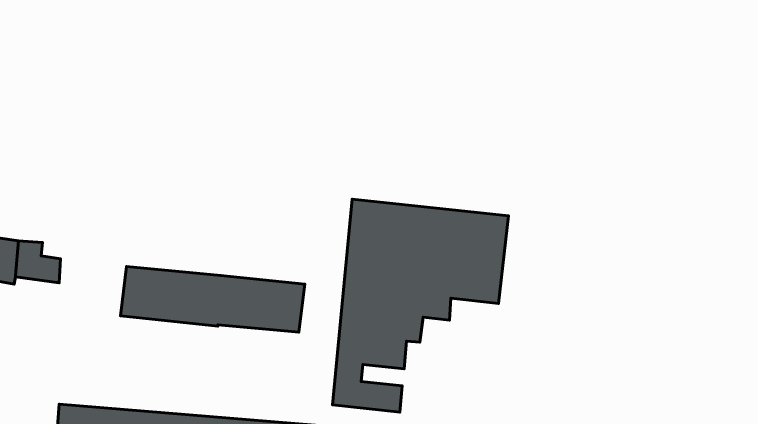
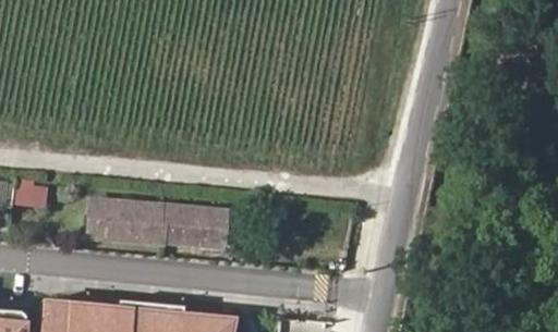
building: [333,199,508,412] -> none

